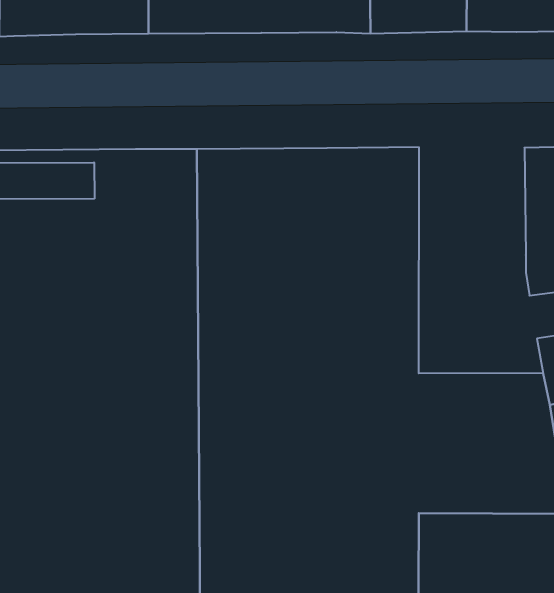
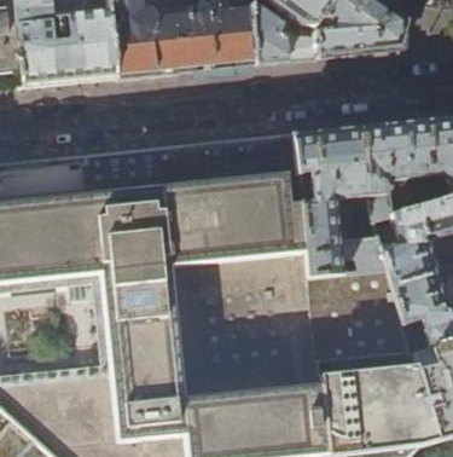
building: none -> [295,127,387,276]

